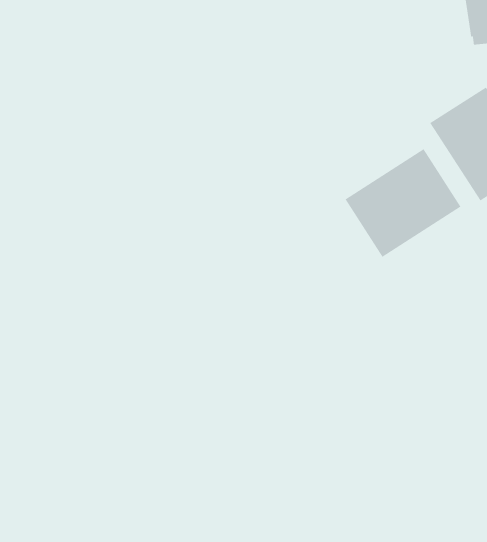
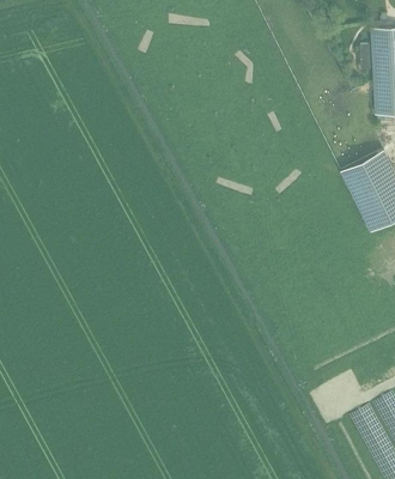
building: [344,148,461,258] -> none

